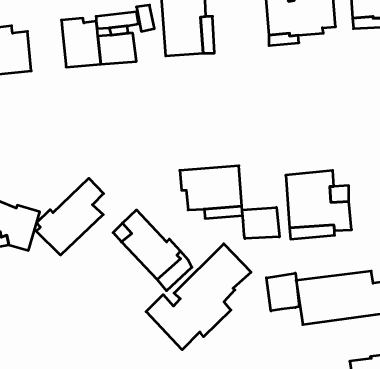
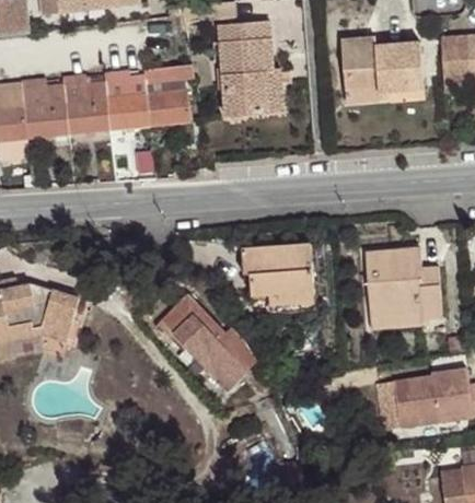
building: none -> [63,77,108,133]
building: [36,178,104,255] -> none
building: [242,207,279,239] -> none
building: [146,244,251,350] -> none
building: [266,273,299,311] -> none

